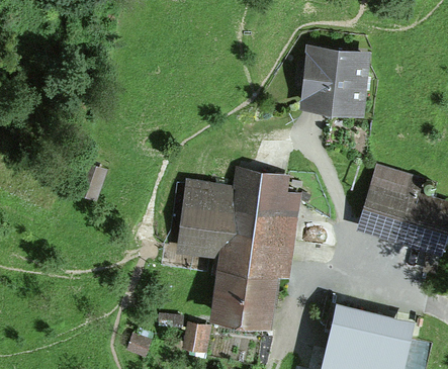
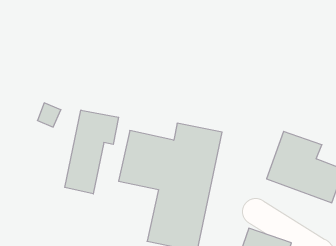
building: [300,56,361,116] -> none
building: none -> [65,110,119,194]

